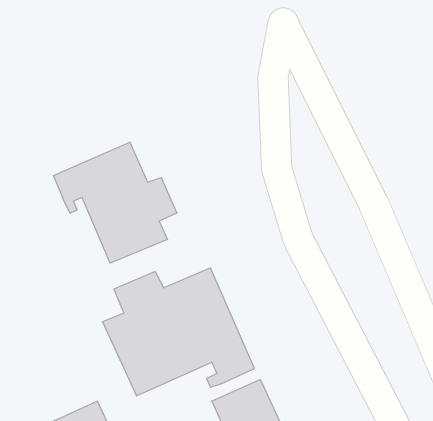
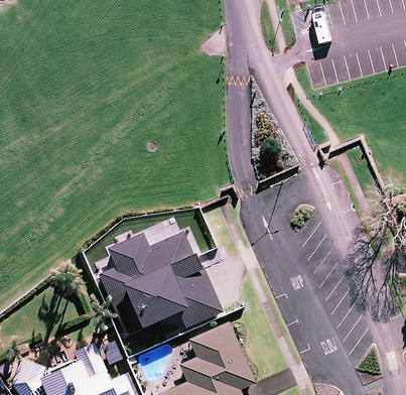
building: [53,142,177,263] -> none

